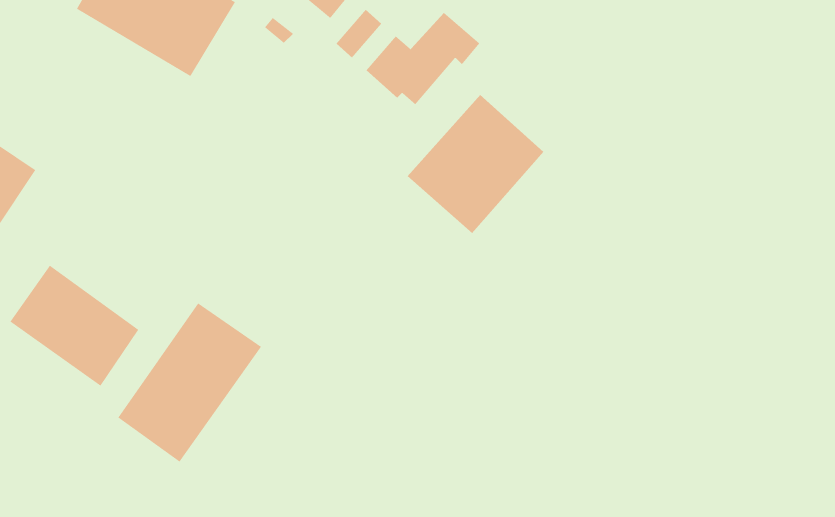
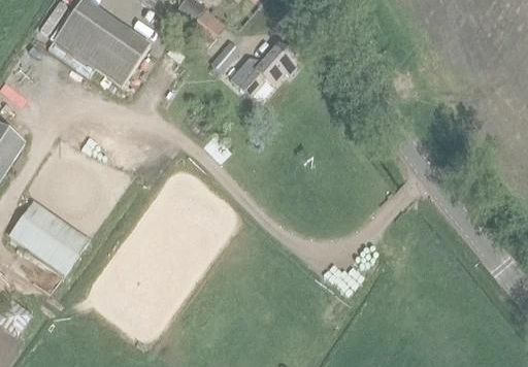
building: [407,94,544,234] -> none
building: [117,303,262,463] -> none

